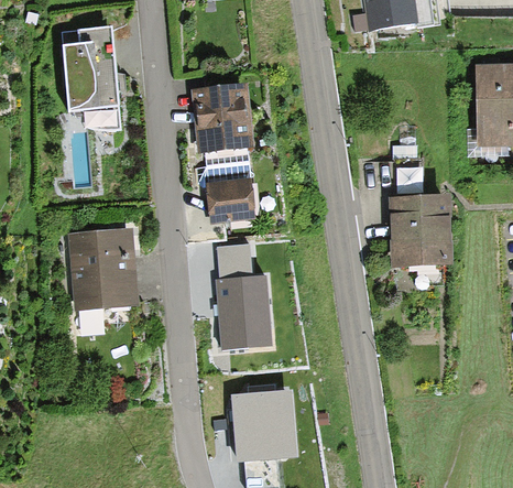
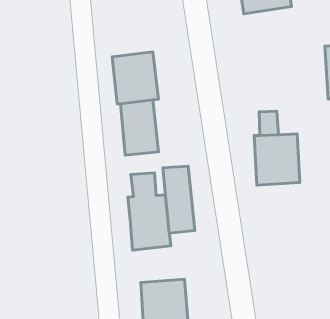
building: [65,25,121,129] -> none
building: [70,227,135,310] -> none
building: none -> [163,166,195,233]

